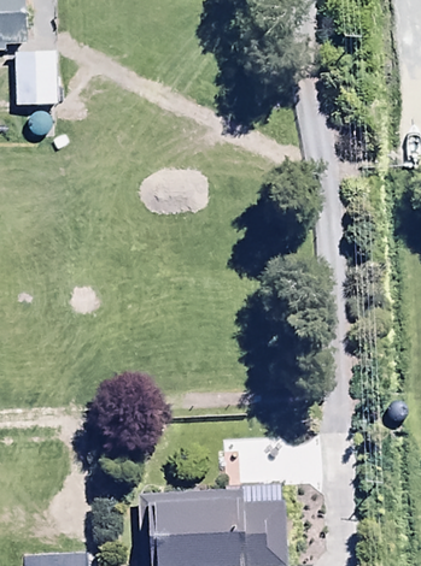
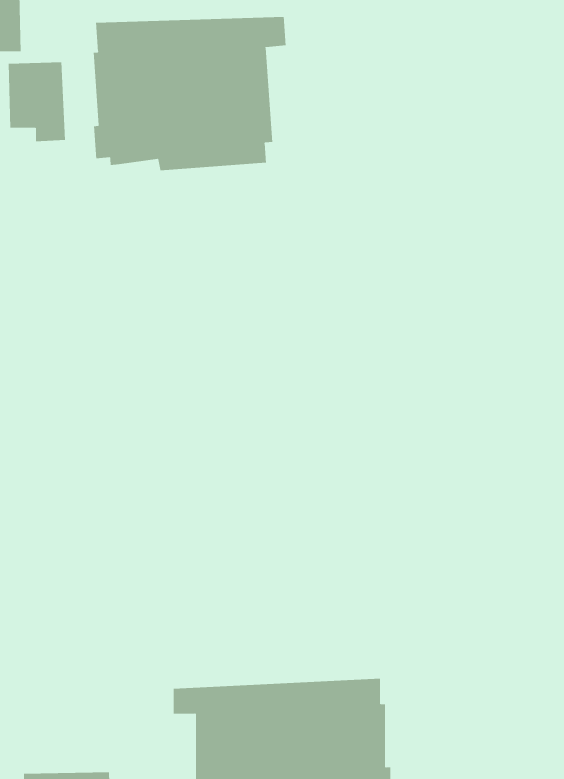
building: none -> [93,16,286,171]

